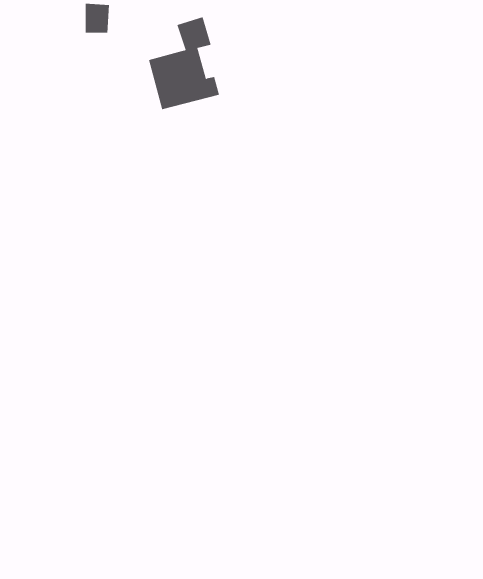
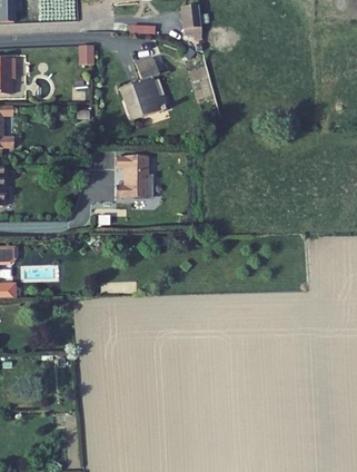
building: none -> [113,154,150,197]

